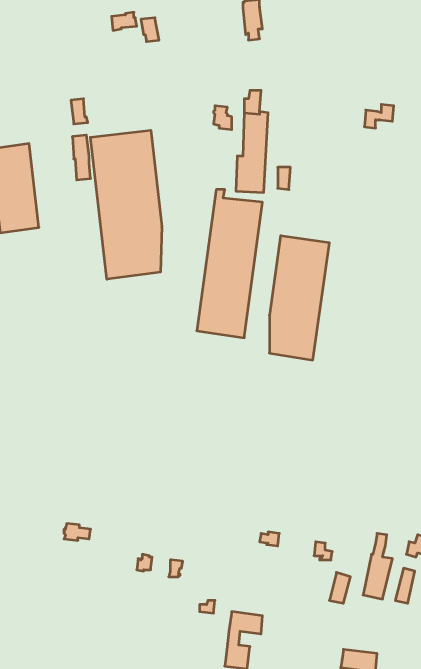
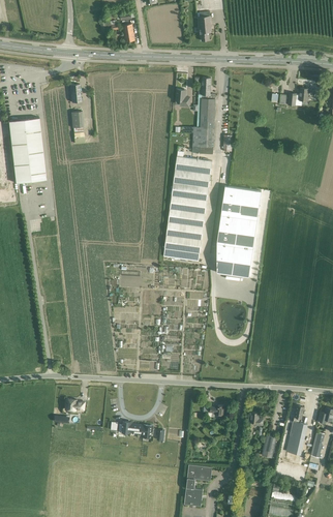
building: [90,130,162,279] -> none

